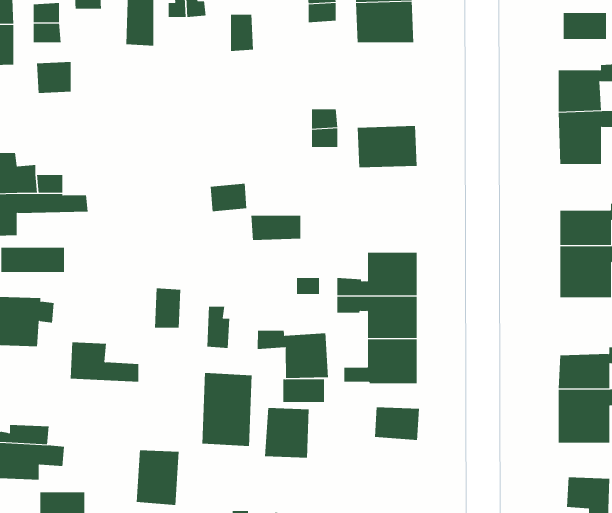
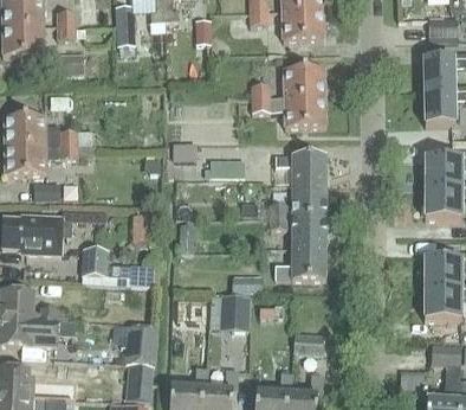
building: none -> [283,68,324,98]
building: none -> [273,154,325,186]
building: [257,330,329,379] -> none
building: [202,372,252,447] -> none
building: [374,407,420,440] -> [292,332,324,355]

